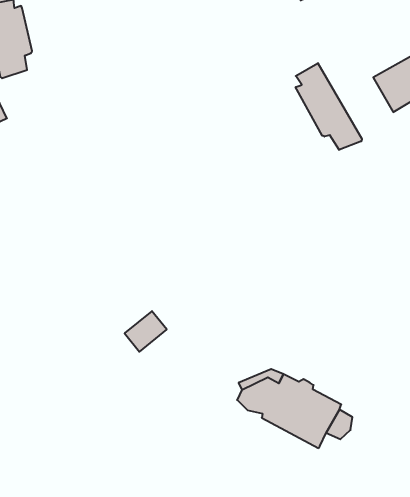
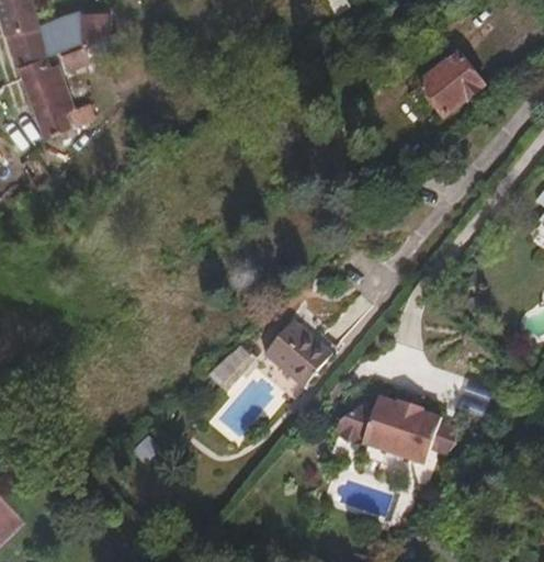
building: [296,63,362,150] -> none
building: none -> [260,317,329,386]

